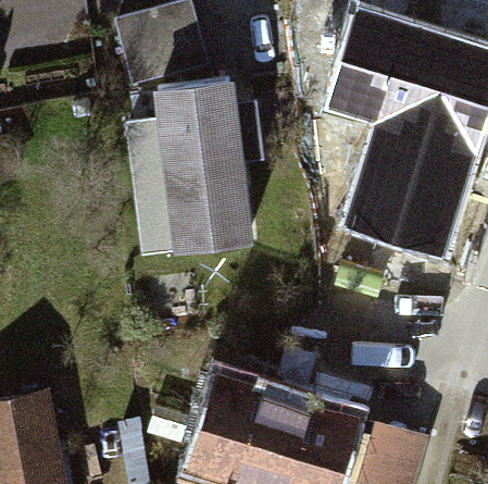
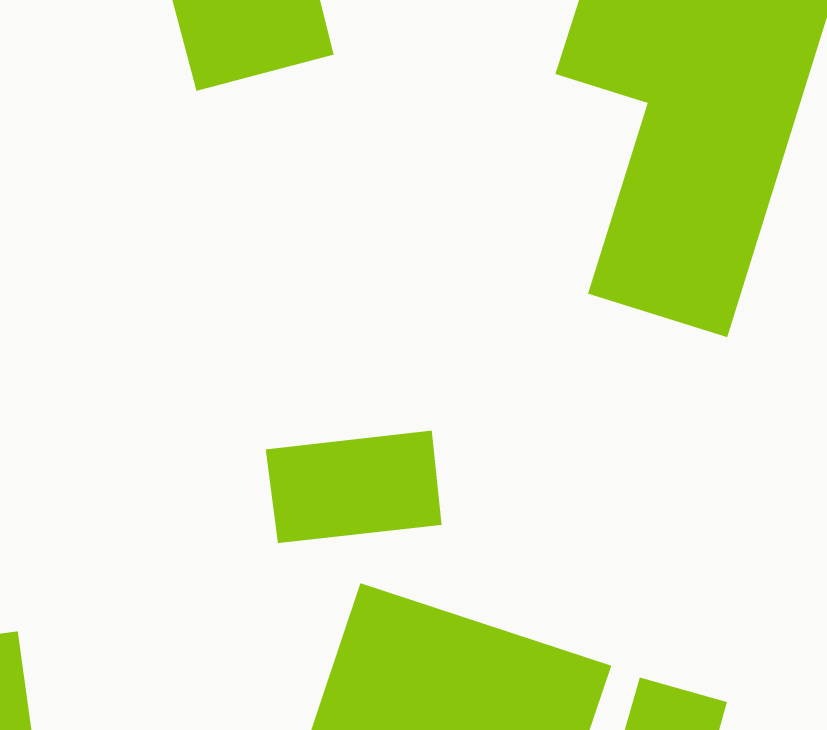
building: [157,82,258,253] -> none
building: none -> [265,430,442,544]

